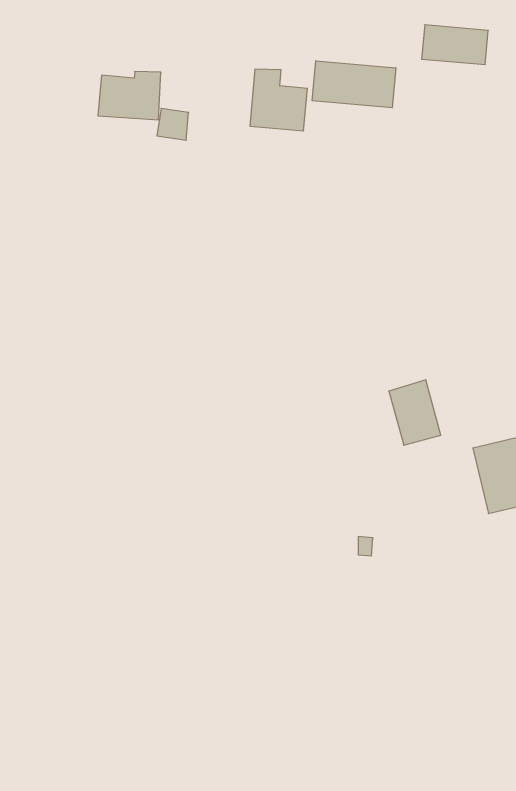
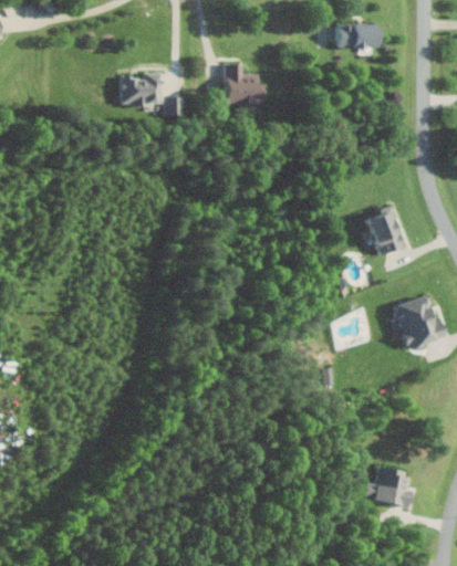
building: [312,61,396,108] -> none
building: [389,380,441,445] -> [366,210,404,255]
building: none -> [371,467,413,507]

